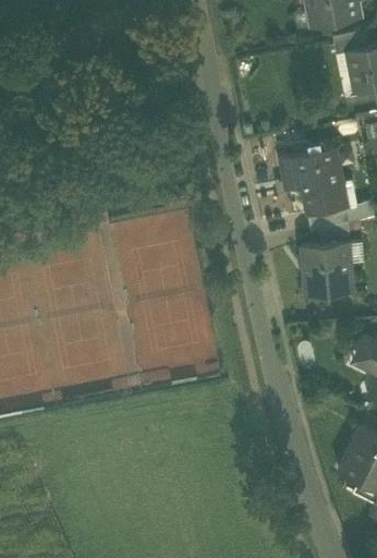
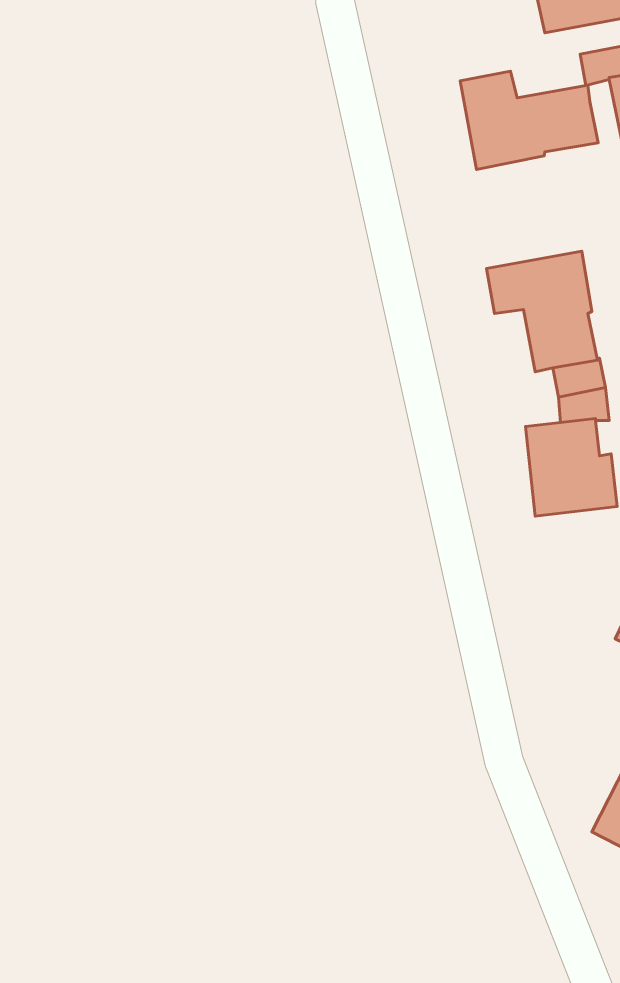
building: none -> [460,71,598,169]

